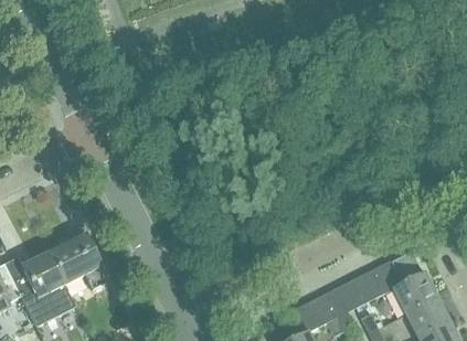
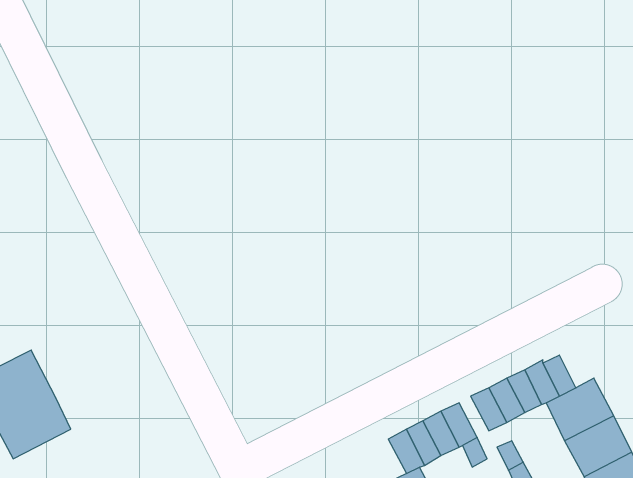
building: [49,233,107,285] -> none

